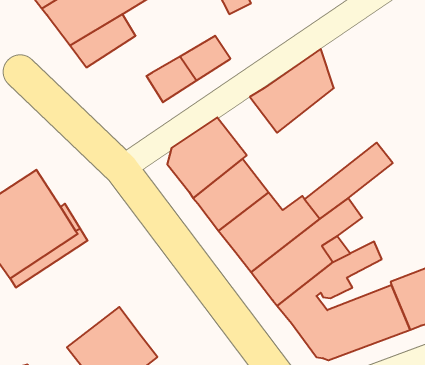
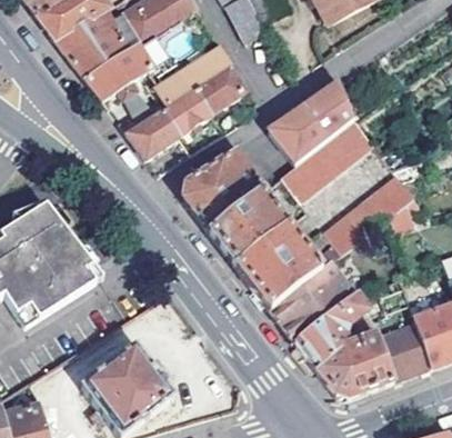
building: none -> [155,44,234,103]
building: none -> [124,107,179,156]
building: none -> [280,119,370,198]

